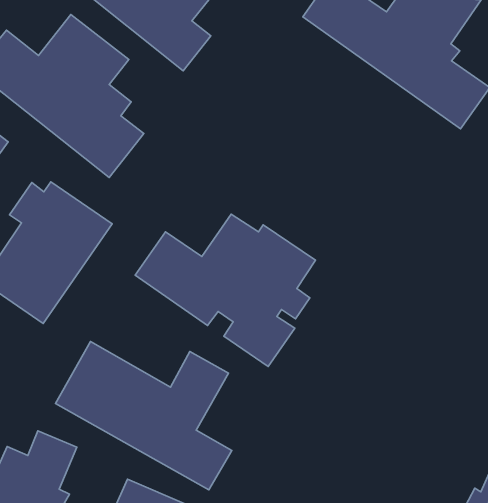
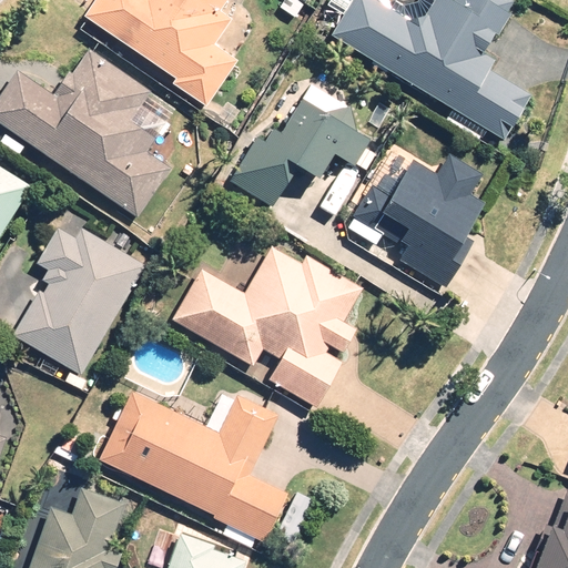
building: none -> [229,84,375,210]
building: none -> [345,149,486,287]

